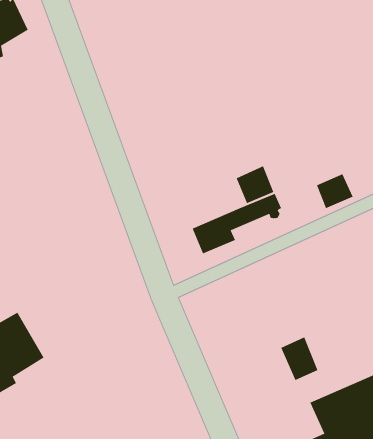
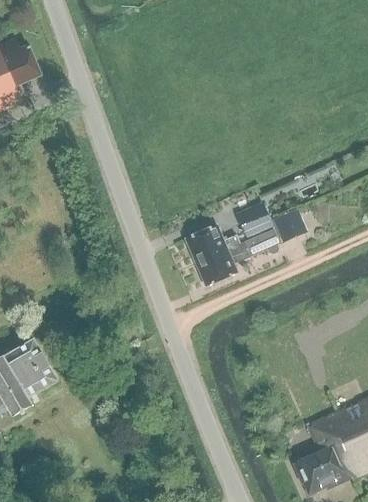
building: [316,173,353,209] -> [272,207,307,240]
building: none -> [185,223,239,260]
building: [281,336,318,381] -> none

